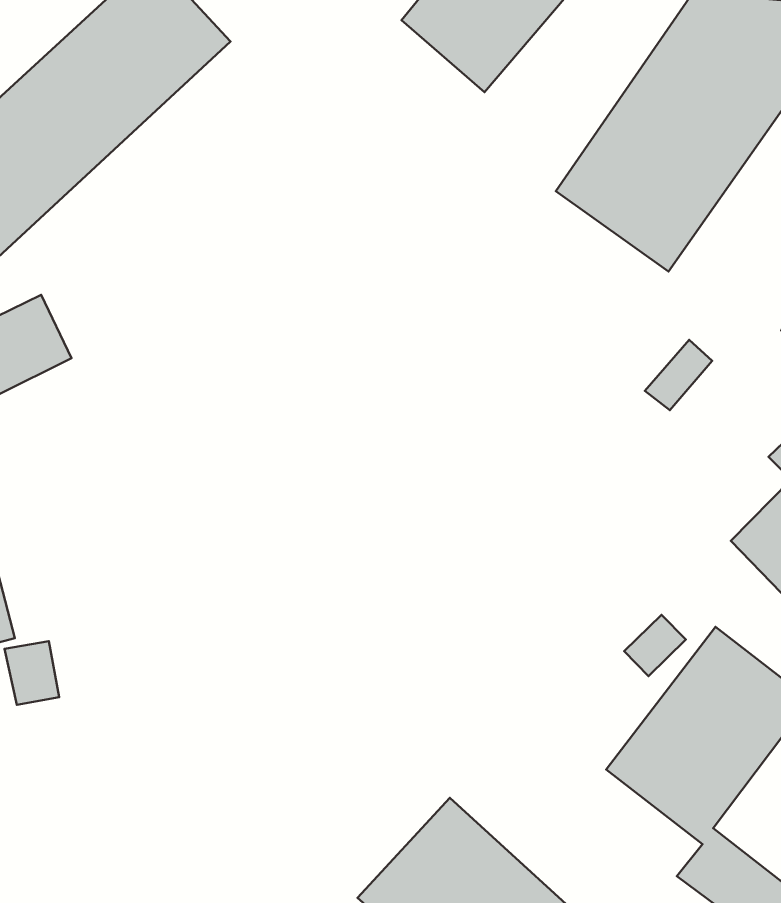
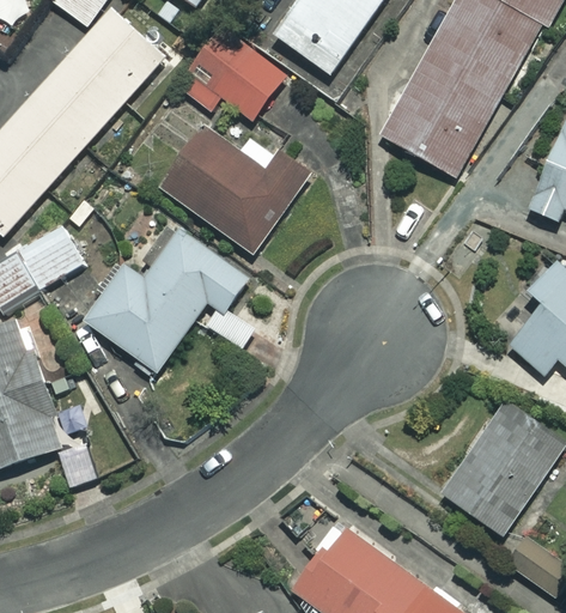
building: none -> [182,34,285,120]
building: none -> [158,125,310,254]
building: none -> [85,226,255,371]

